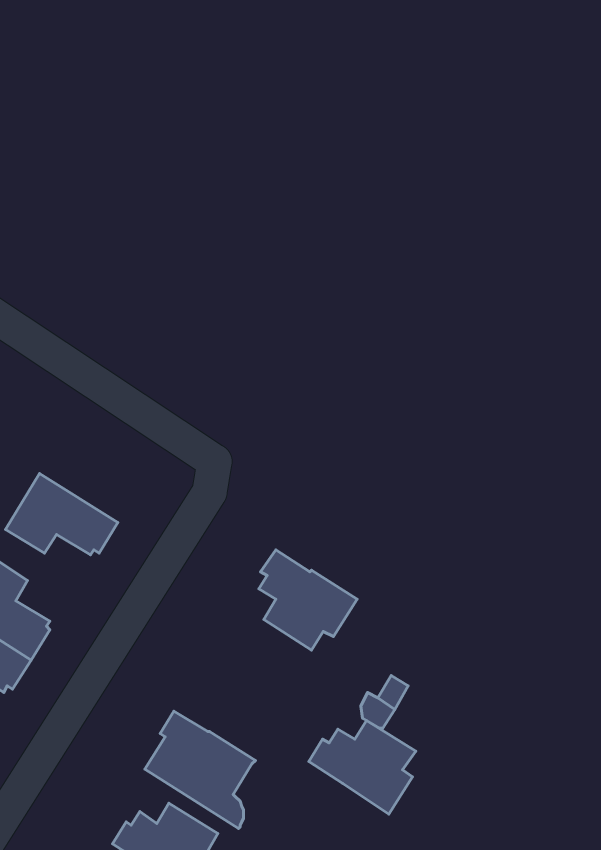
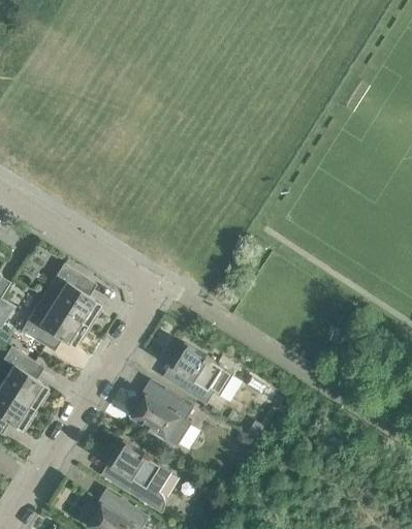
building: none -> [40,263,99,326]
building: [309,721,416,814] -> [128,388,193,445]

